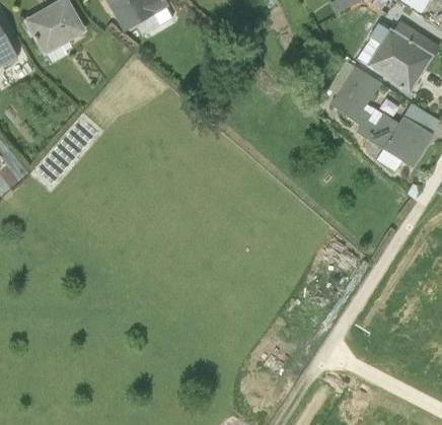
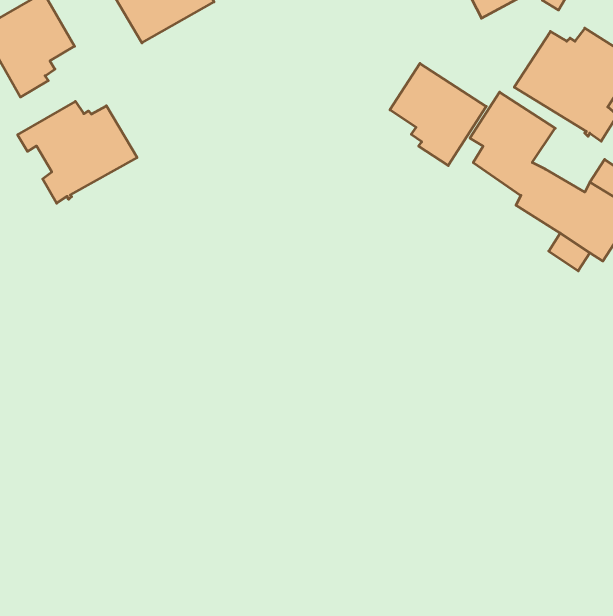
building: none -> [390,63,486,166]
building: none -> [18,101,137,203]

